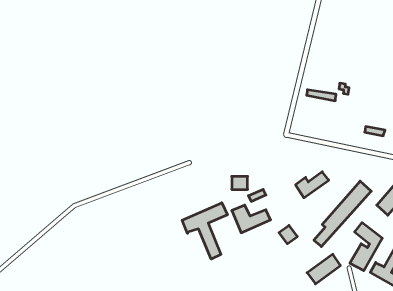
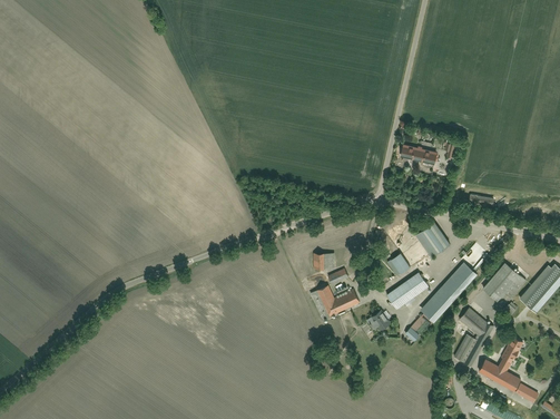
building: none -> [415,223,449,256]
building: [182,203,227,259] -> none
building: [307,254,340,284] -> [386,273,426,309]

